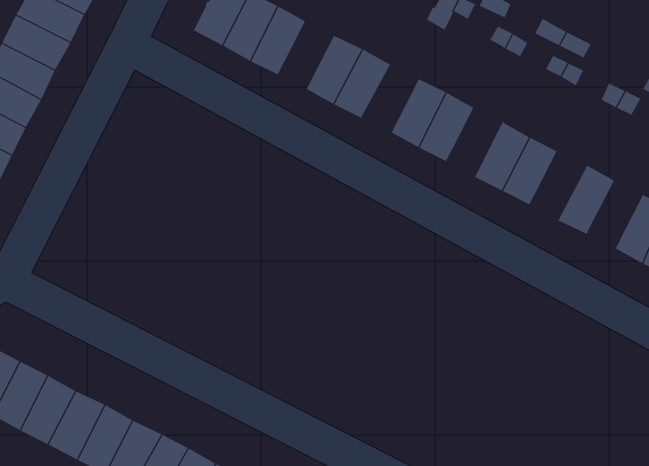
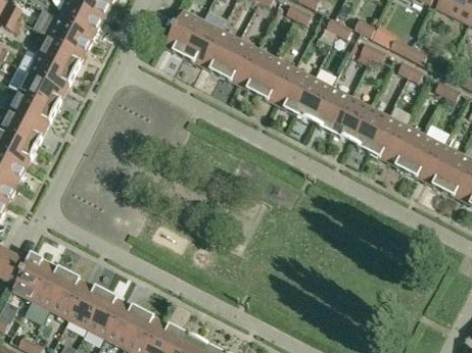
building: none -> [221,40,257,85]
building: none -> [276,68,314,113]
building: none -> [332,97,369,143]
building: none -> [387,125,425,171]
building: none -> [425,145,462,190]

